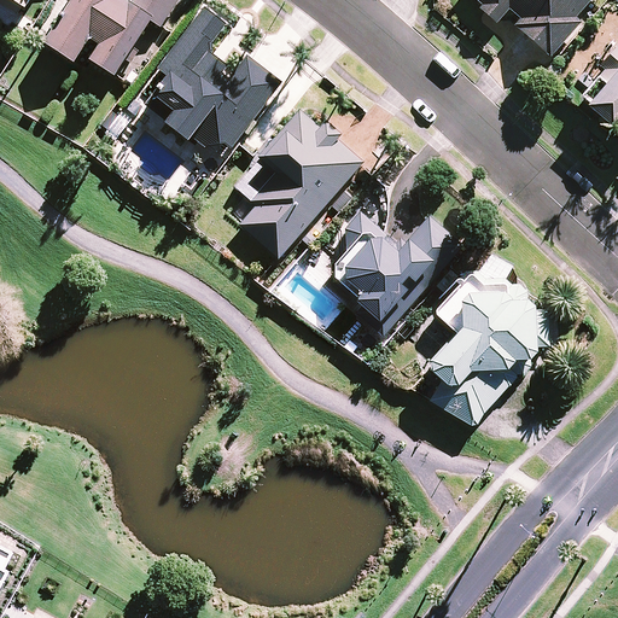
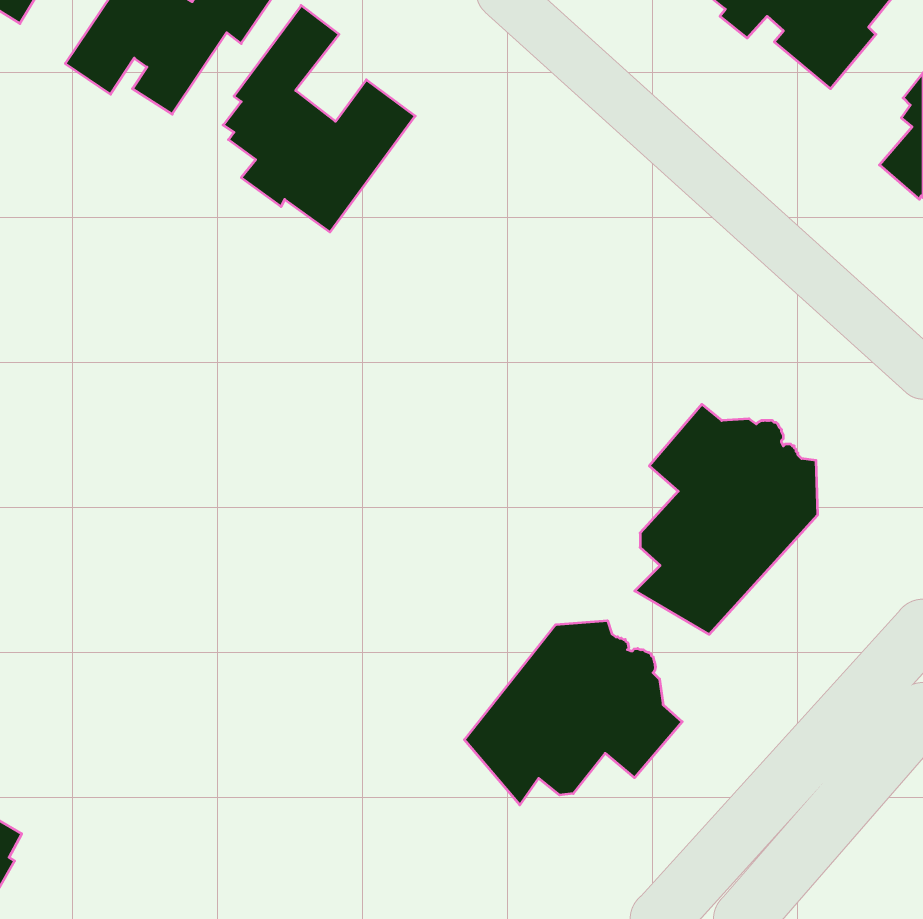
building: [240,111,365,260] -> none
building: [334,206,459,333] -> none
building: none -> [464,621,682,805]

